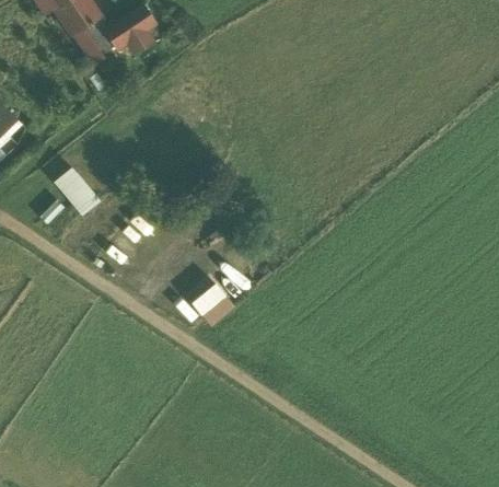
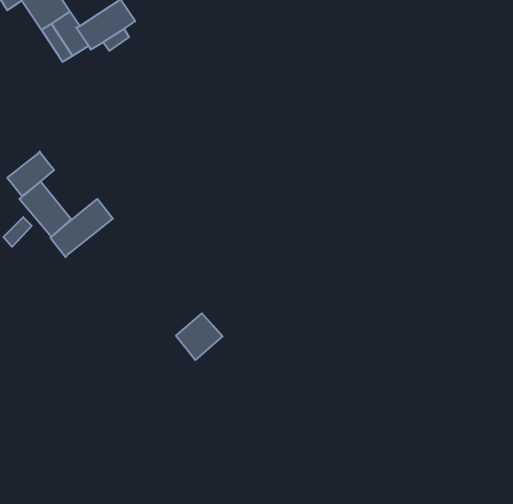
building: none -> [7,151,54,196]
building: none -> [50,199,113,257]

